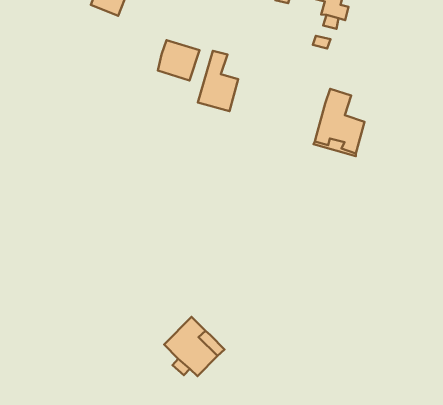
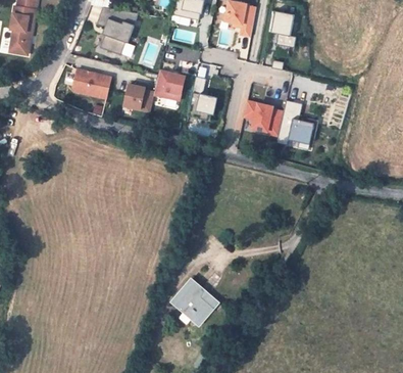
building: none -> [73,69,111,99]
building: none -> [123,84,155,112]
building: none -> [244,100,284,135]

